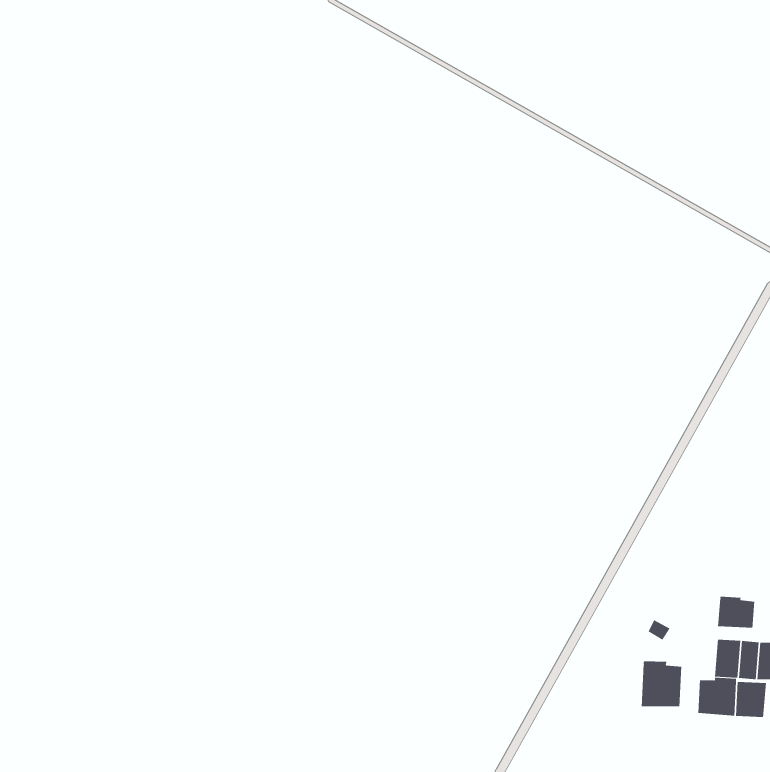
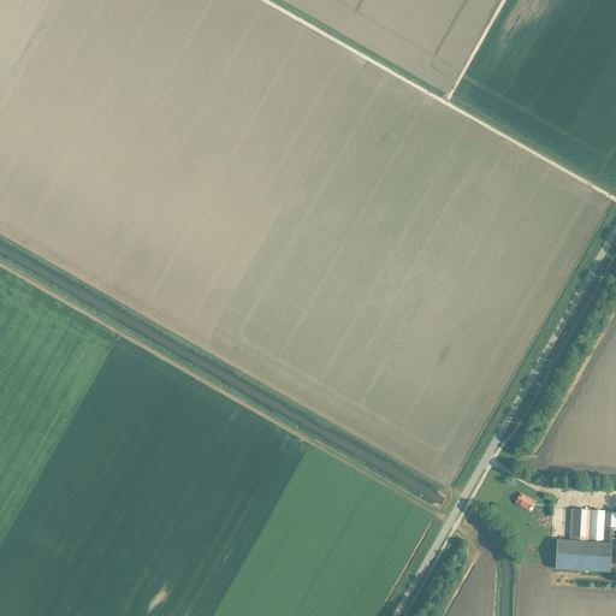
building: [718,596,755,629] -> none
building: [641,661,682,707] -> none

